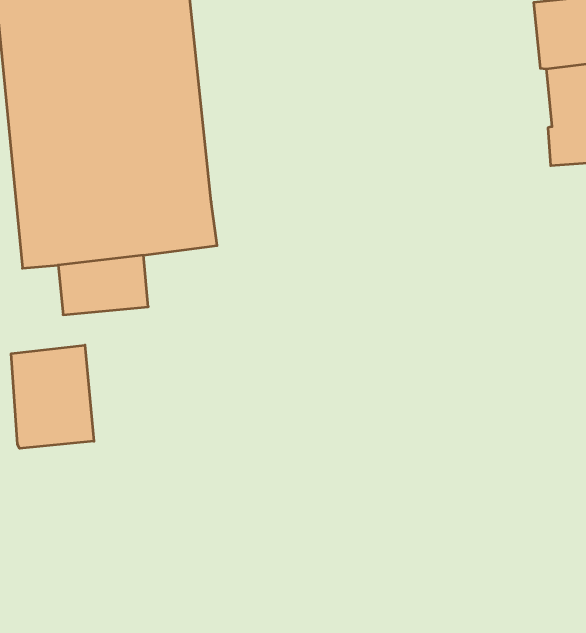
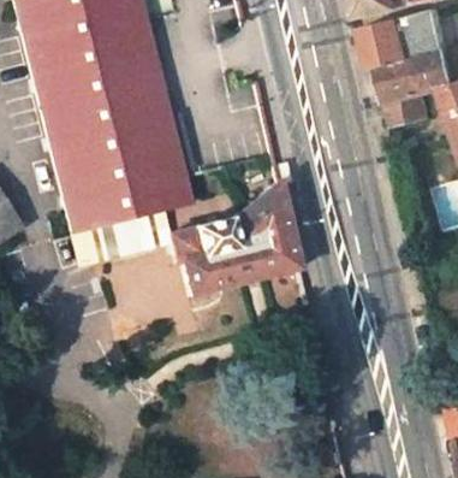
building: none -> [169,181,298,295]
building: [11,345,94,448] -> none

